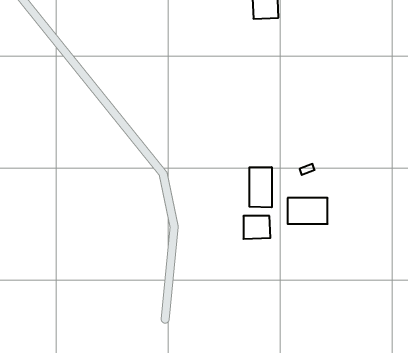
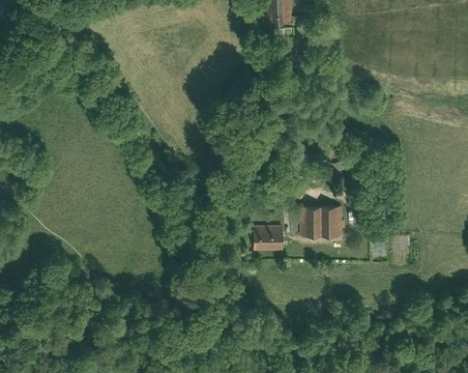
building: [249,167,272,207] -> none

